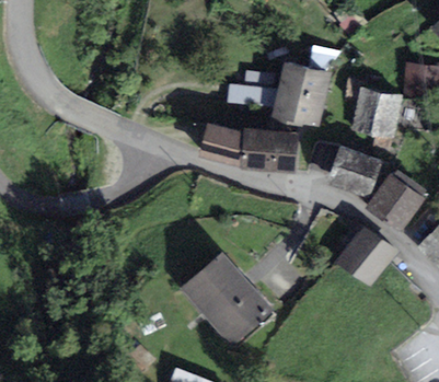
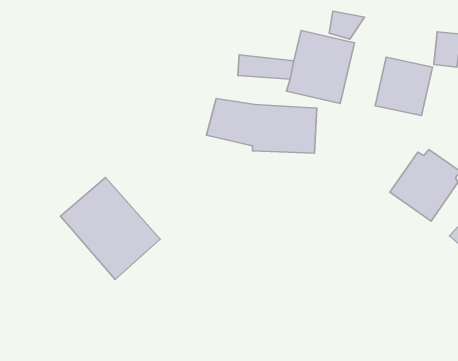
building: [326,146,379,197] -> none
building: [336,225,395,285] -> none
building: [182,252,272,344] -> [60,177,160,279]

